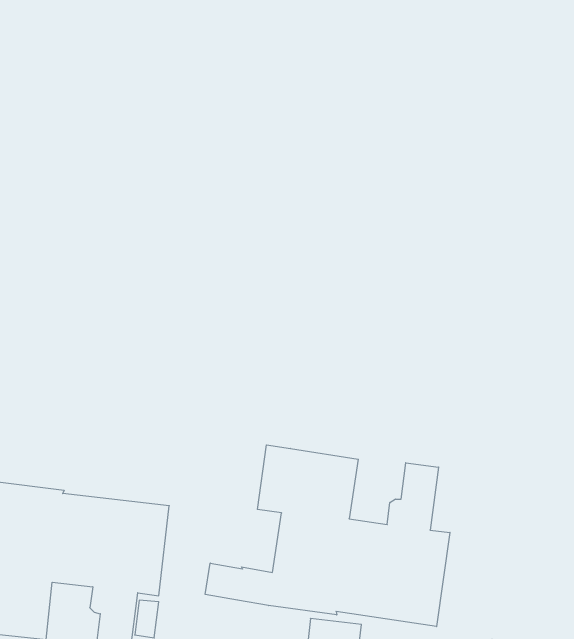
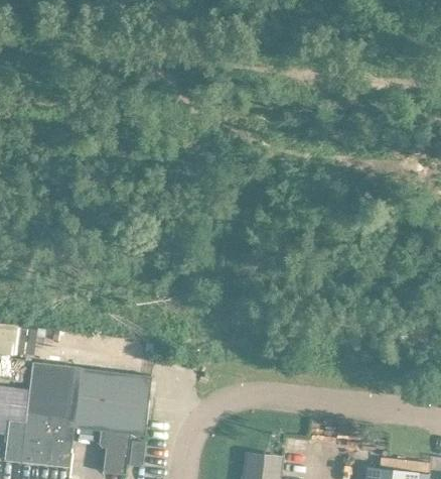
building: [205,445,450,627] -> none

